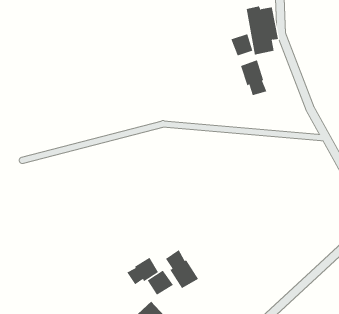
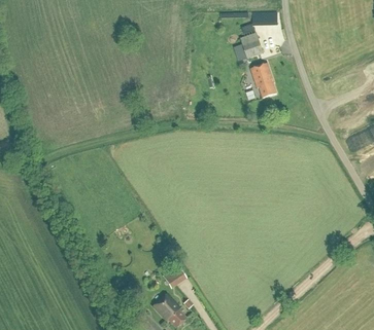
building: [165,249,199,289] -> none
building: [126,257,159,285] -> none

